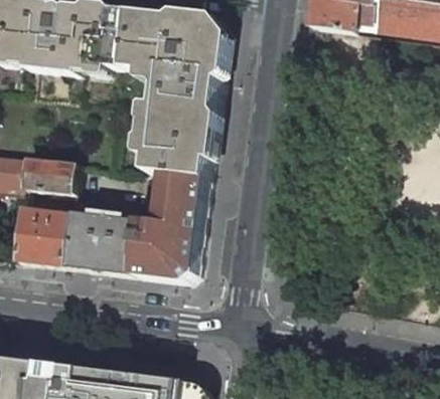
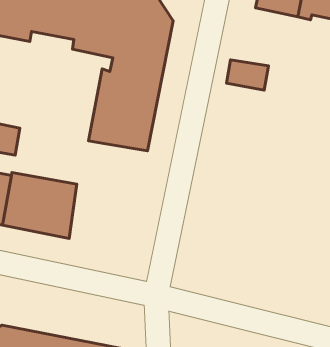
building: none -> [226,60,269,90]
building: [129,174,203,280] -> none

